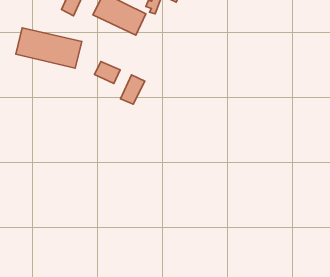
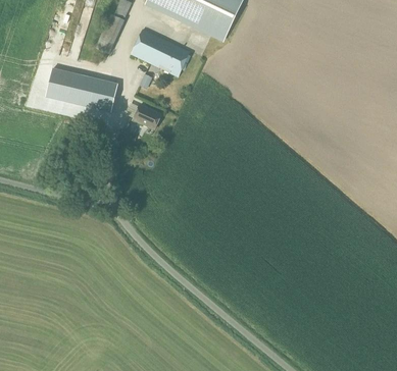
building: [120,75,145,104] -> none

